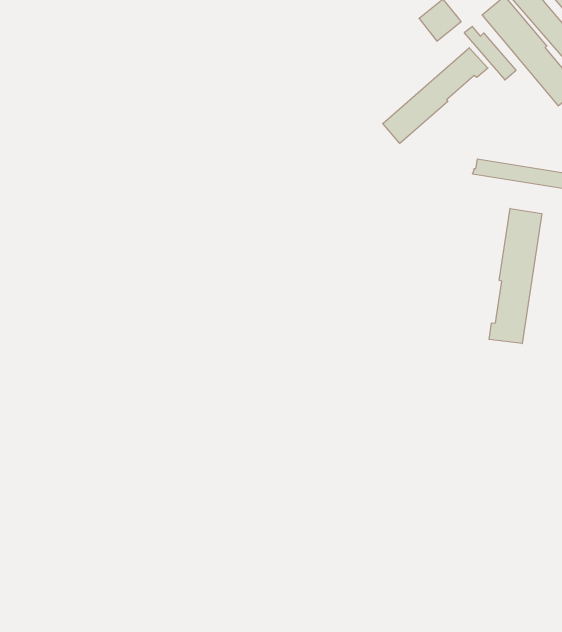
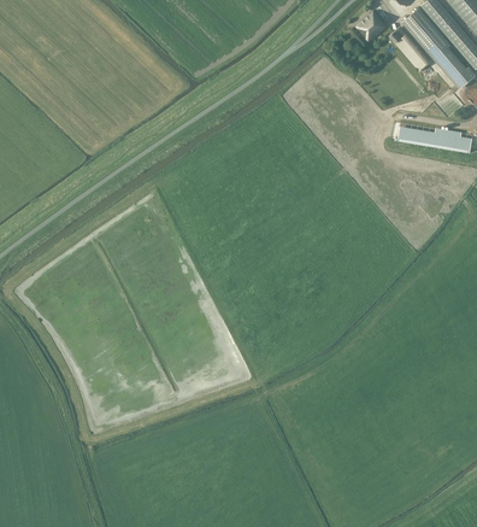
building: [383,48,488,143] -> none
building: [489,208,542,344] -> none

